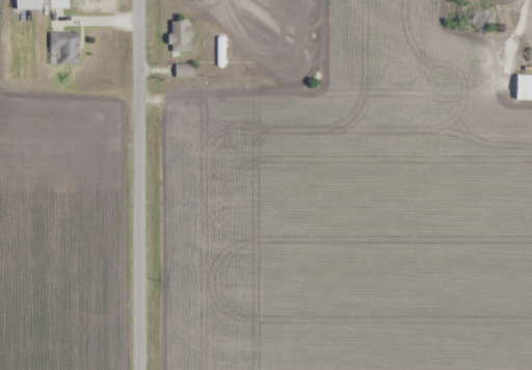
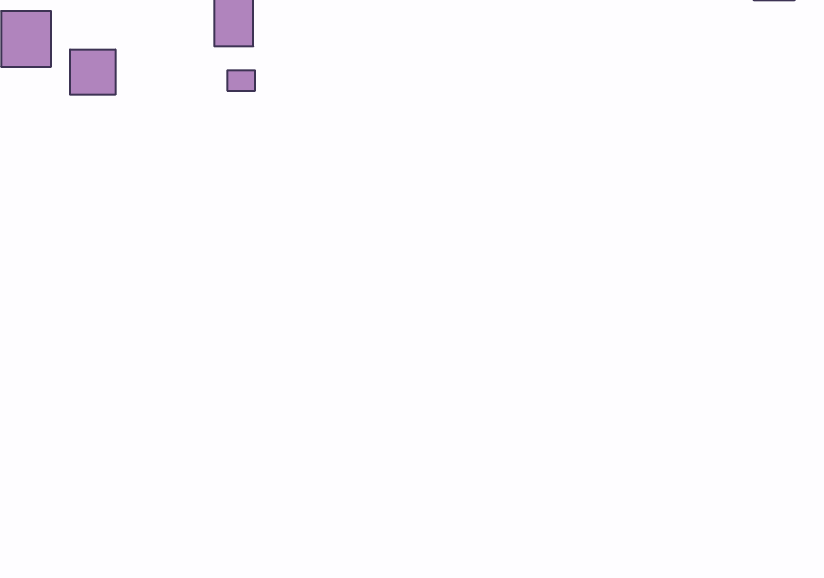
building: none -> [70,49,115,95]

